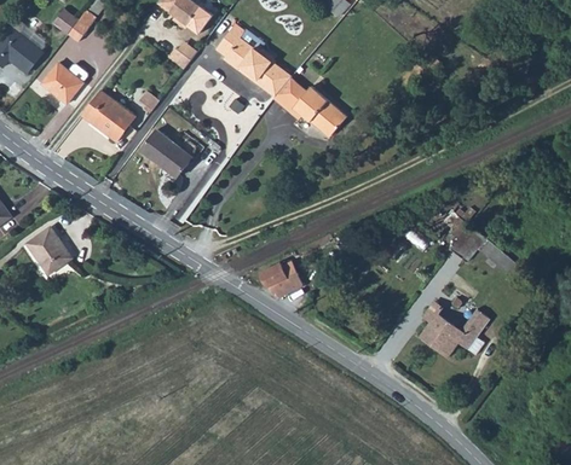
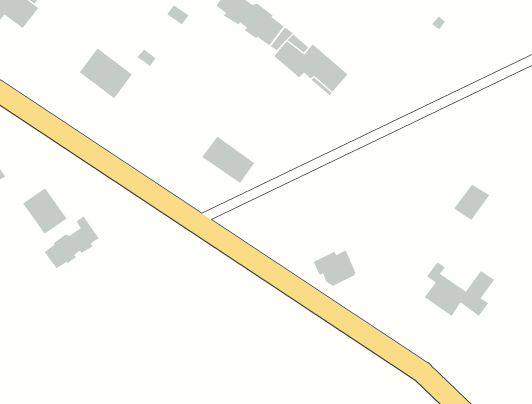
building: [40,63,86,104] -> none
building: [139,130,192,178] -> [201,136,255,184]
building: none -> [44,216,99,269]
building: [259,262,301,298] -> [313,250,356,286]

